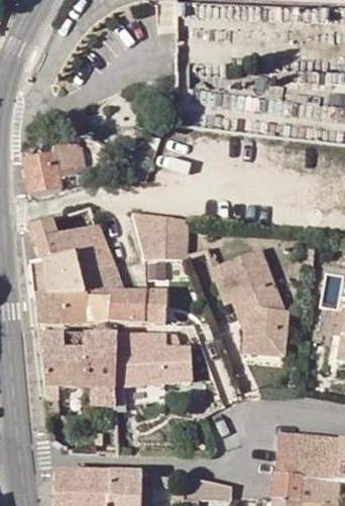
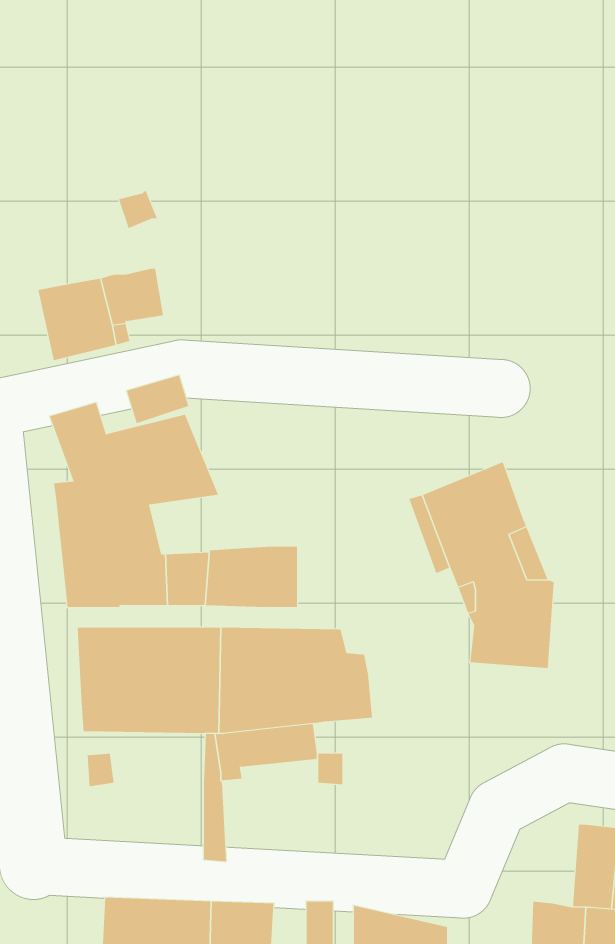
building: [133,212,189,259] -> none
building: [80,264,125,294] -> none
building: [275,431,299,475] -> none

